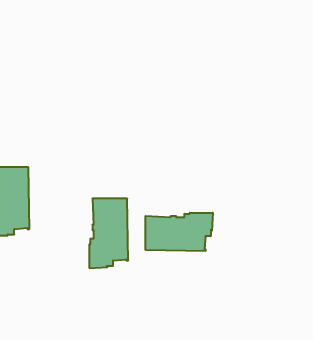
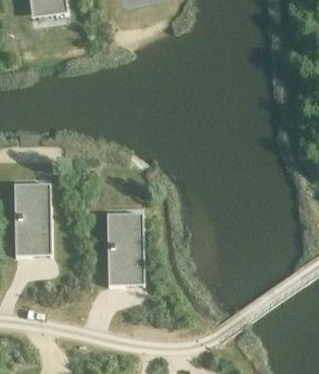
building: [146,213,213,251] -> none

